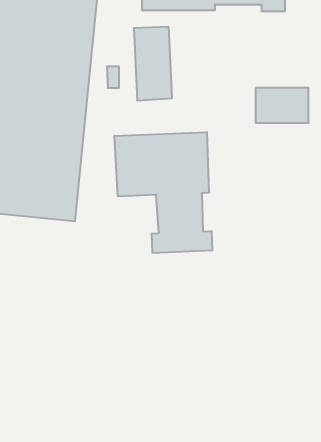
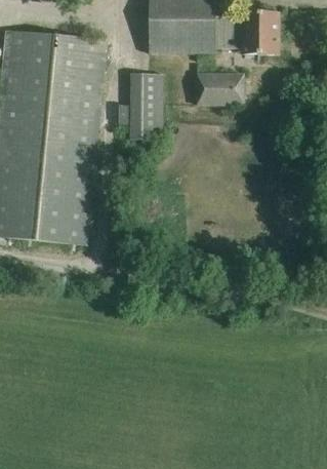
building: [256,88,309,123] -> [196,73,244,105]
building: [114,132,212,253] -> none

